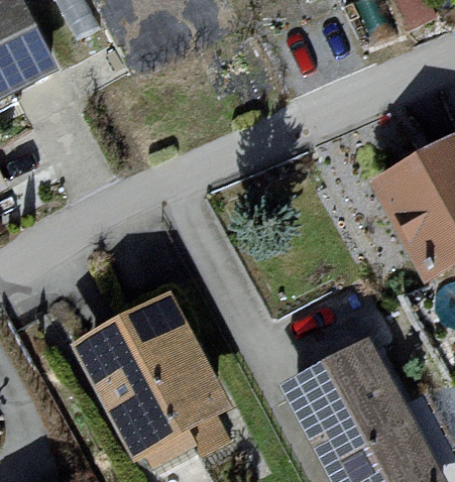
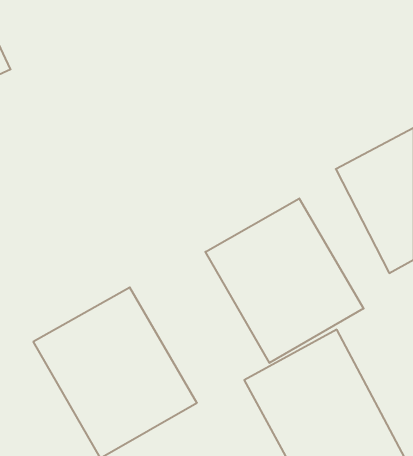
building: none -> [205,198,364,363]

